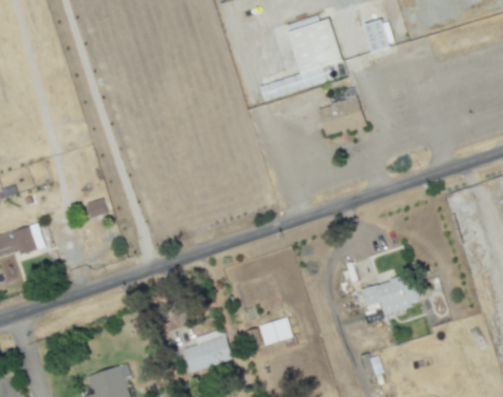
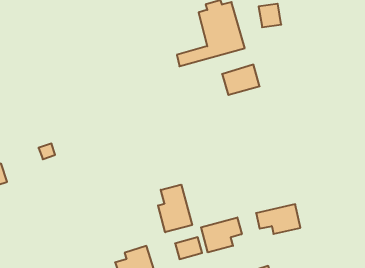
building: none -> [158,185,192,232]
building: none -> [201,217,242,252]

